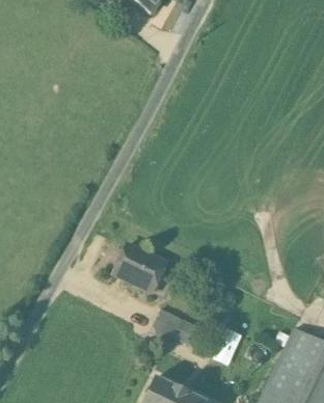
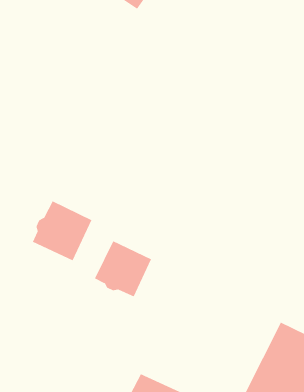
building: none -> [32,201,92,261]
building: [151,308,183,342] -> none

